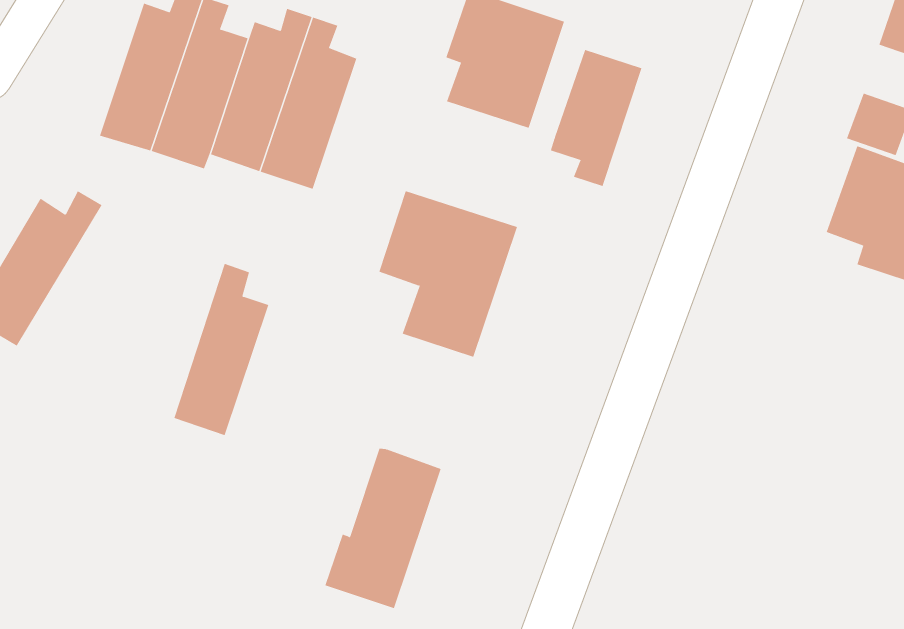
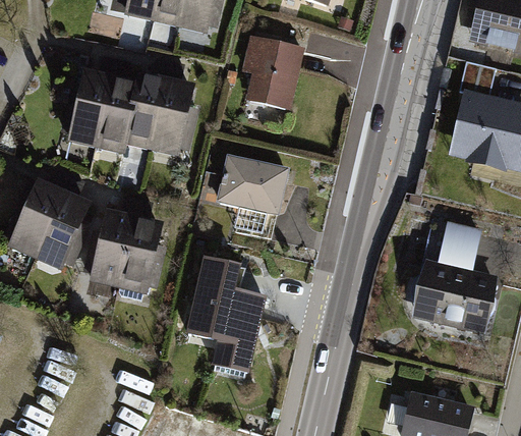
building: [550,49,642,187] -> none
building: none -> [32,178,90,271]
building: none -> [91,199,136,287]
building: none -> [410,227,498,337]
building: none -> [187,258,239,339]

